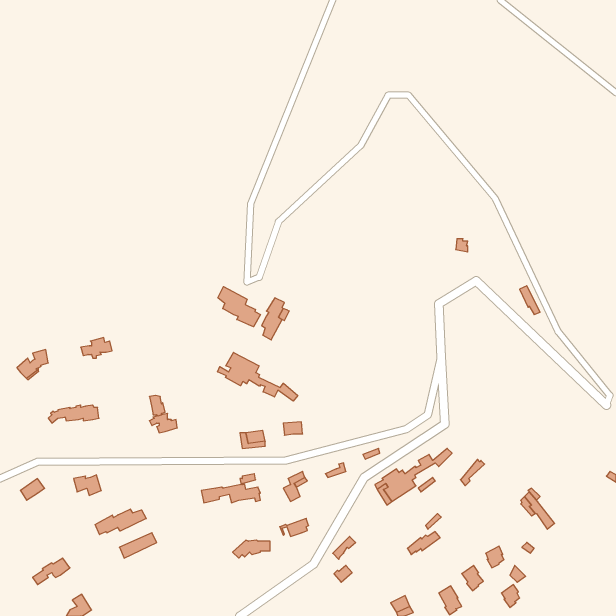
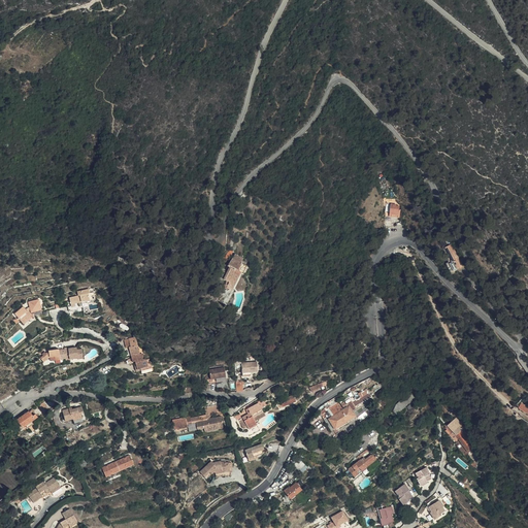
building: [218,287,260,327] -> none
building: [218,352,298,401] -> none
building: [95,509,146,535] -> none

